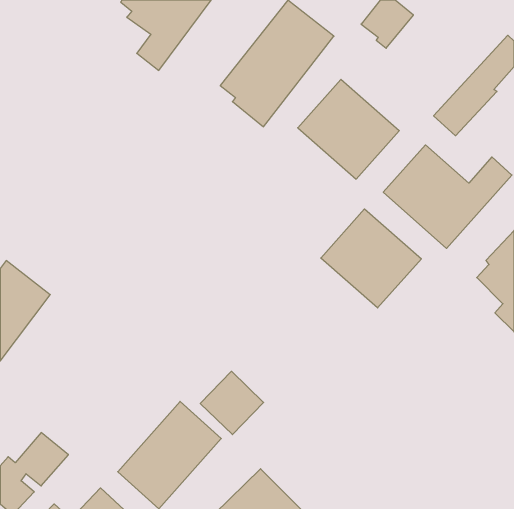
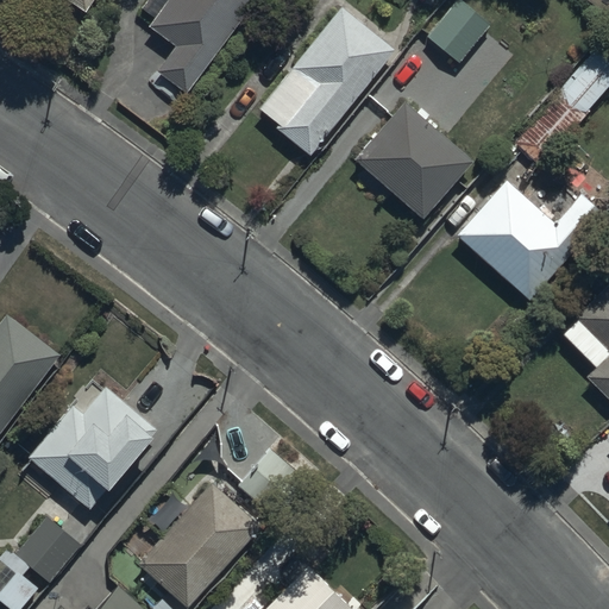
building: [321,209,421,308] -> none
building: none -> [34,389,161,510]

